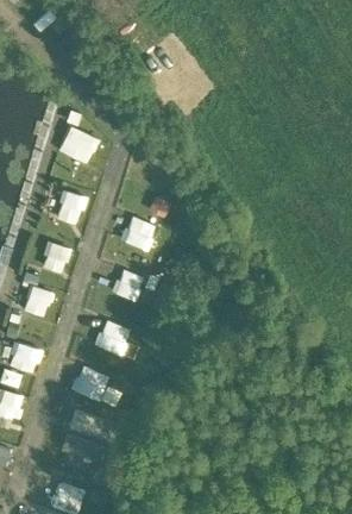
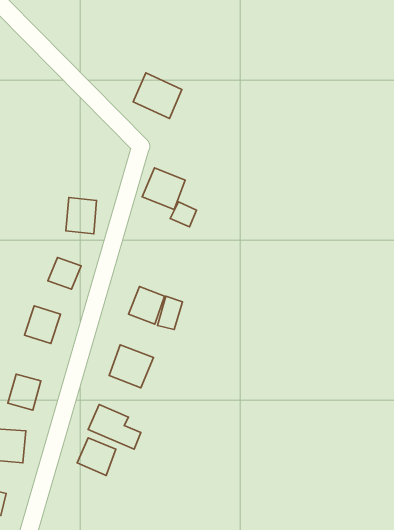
building: [58,126,100,165] -> [133,73,182,119]
building: [121,215,158,251] -> [142,168,185,209]
building: [61,435,105,466] -> none

